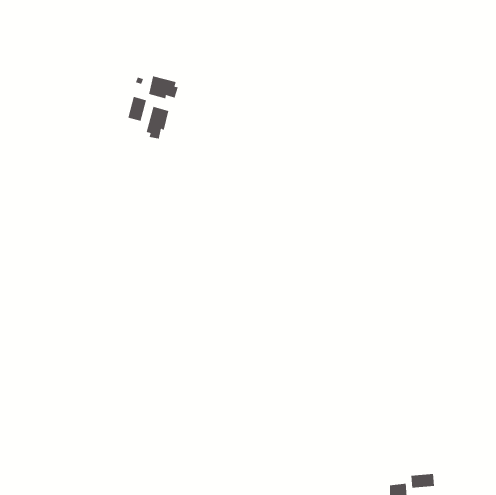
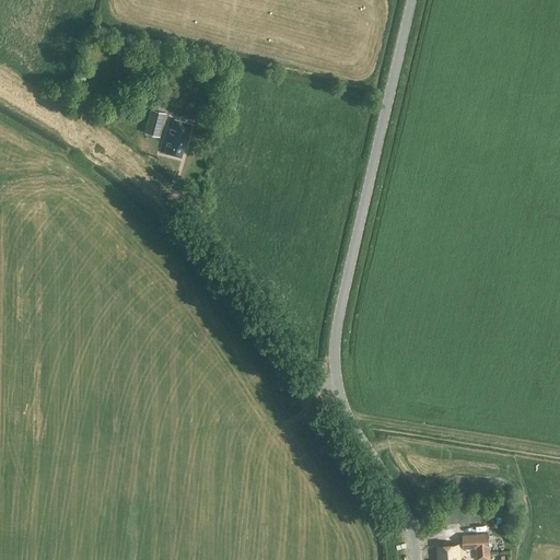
building: [148,76,179,99] -> none

